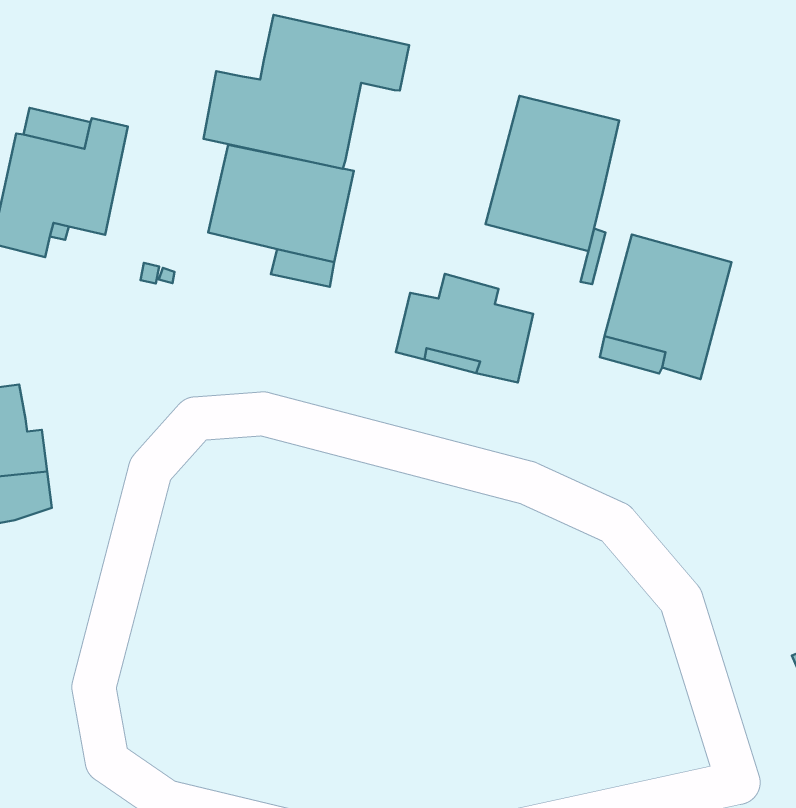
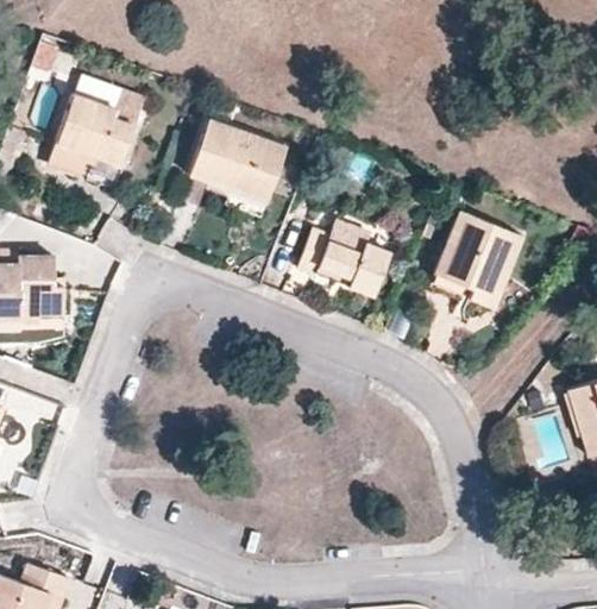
building: [204,15,409,169] -> none
building: [485,96,619,251] -> none

